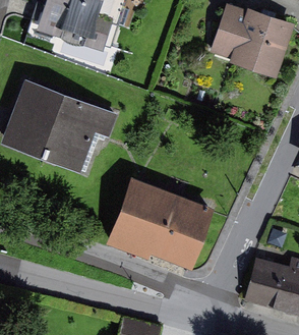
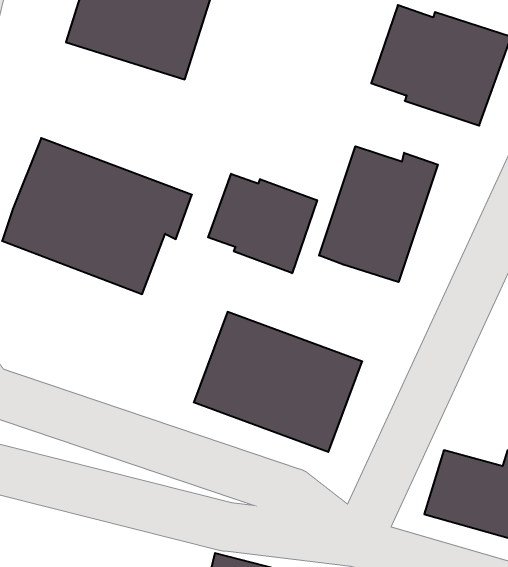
building: none -> [319,146,438,282]
building: none -> [208,174,317,273]

